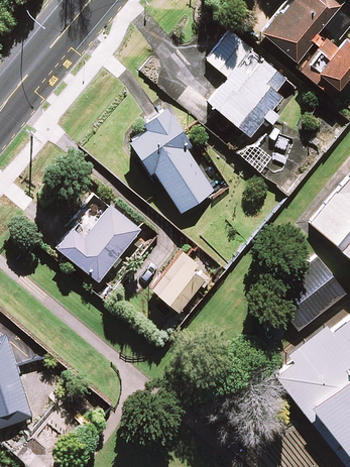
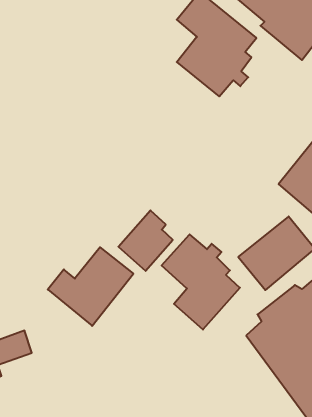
building: [128,107,232,212] -> none
building: [54,203,140,281] -> [48,247,133,326]
building: none -> [162,234,240,330]

